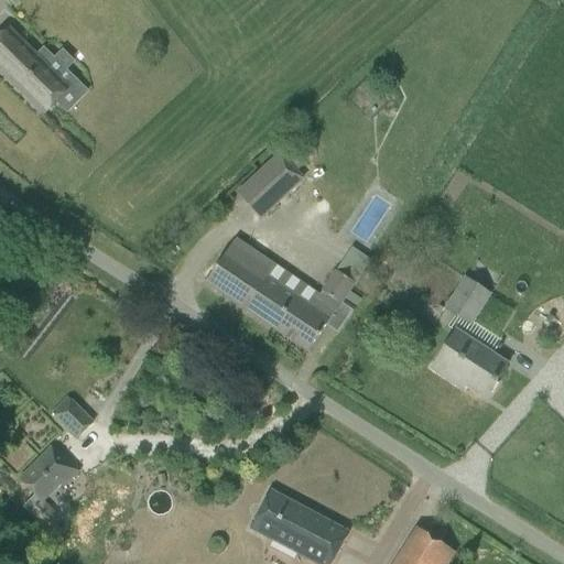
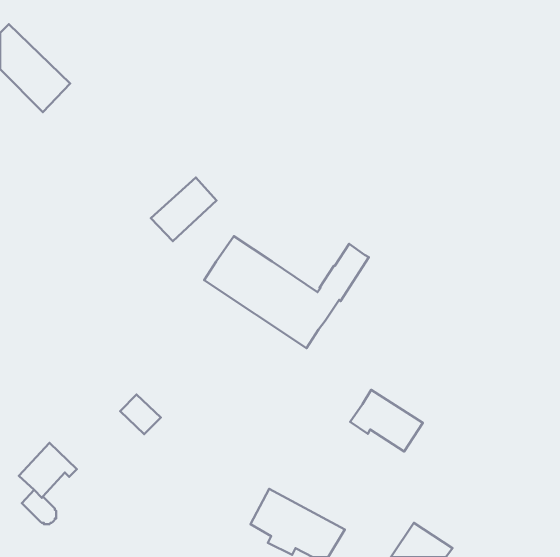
building: [237,151,303,215] -> [151,177,217,241]
building: [444,274,492,324] -> none
building: [433,333,506,394] -> [350,390,423,451]
building: [54,397,95,436] -> [120,395,161,434]

